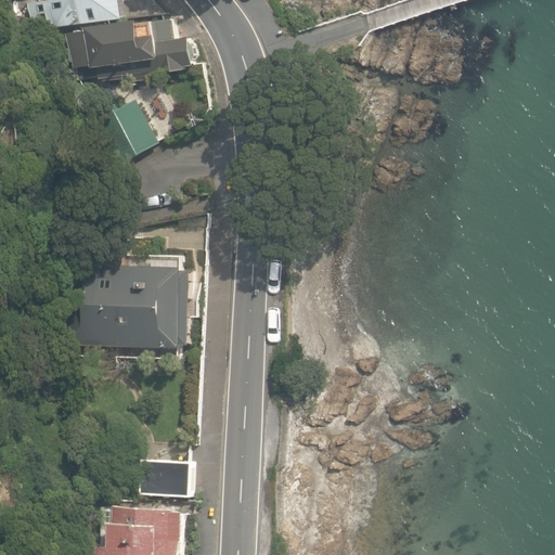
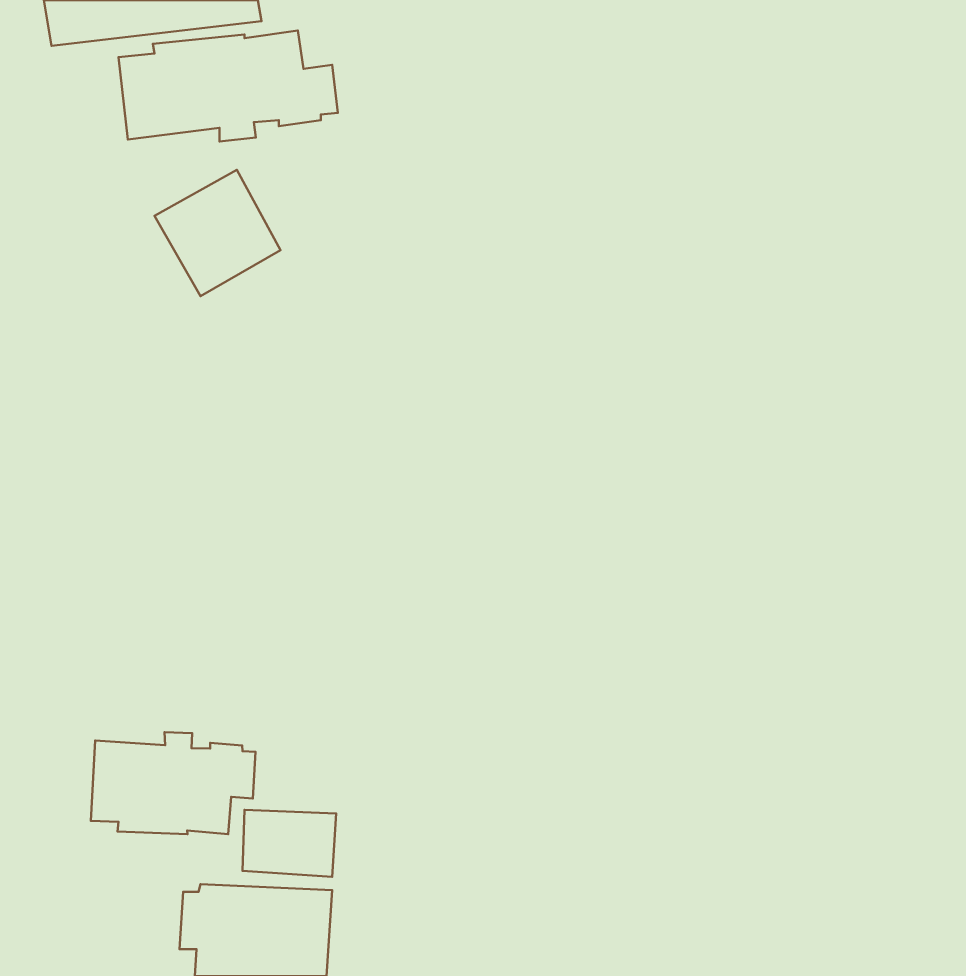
building: [60,263,191,349] -> none
building: none -> [91,732,255,834]

